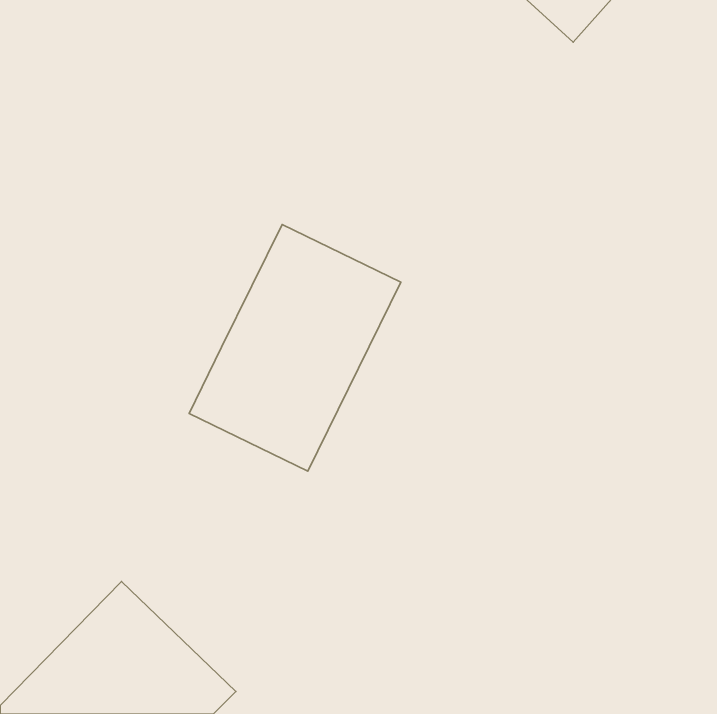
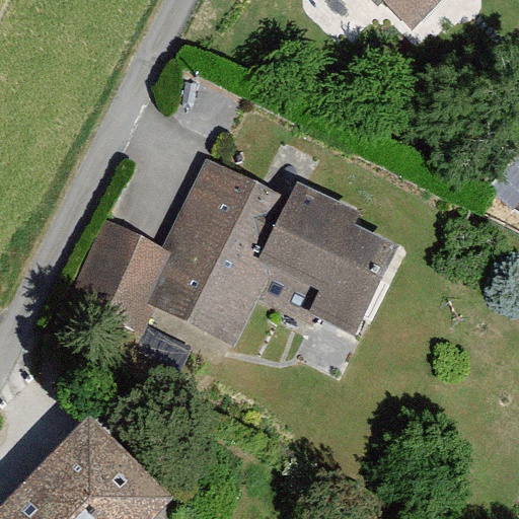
building: none -> [261,186,397,336]
building: none -> [74,224,162,323]

